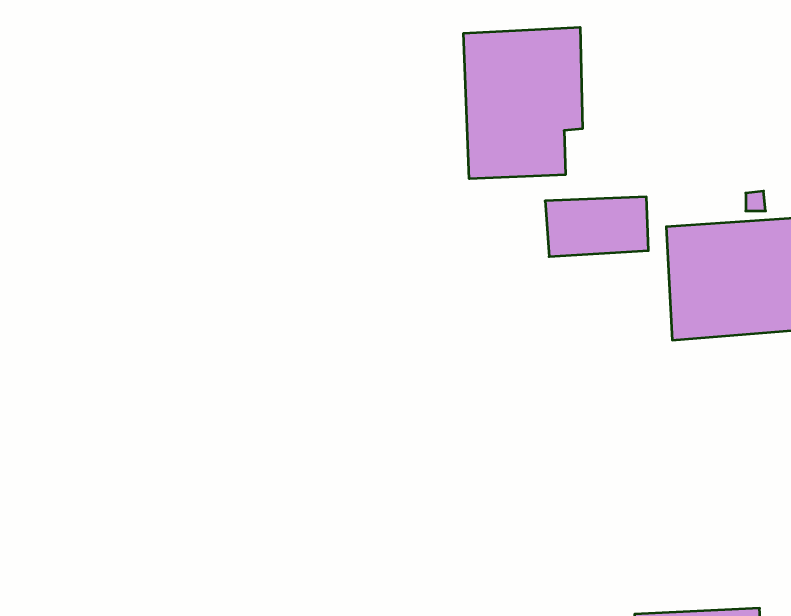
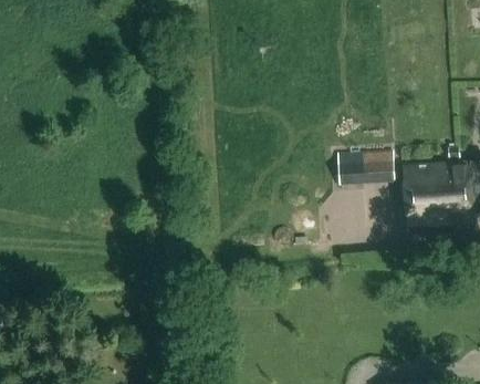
building: [464,27,582,179] -> none

